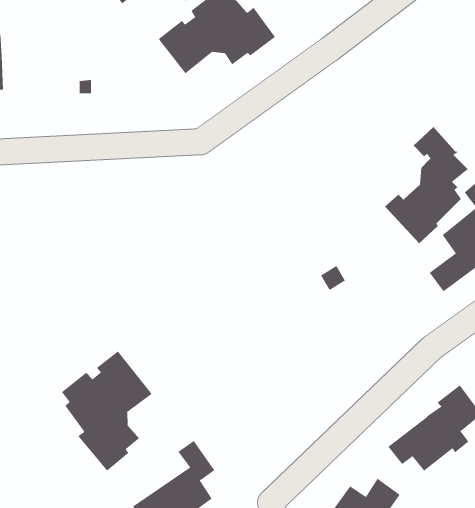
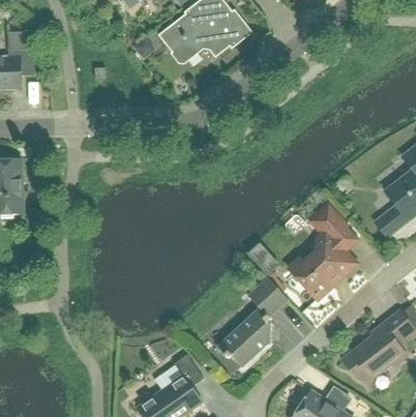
building: [384,126,468,244] -> [289,205,356,299]
building: none -> [216,276,288,367]
building: [61,351,153,472] -> none

